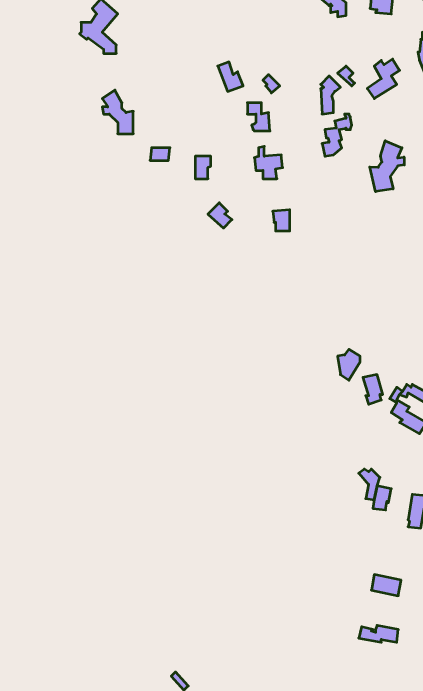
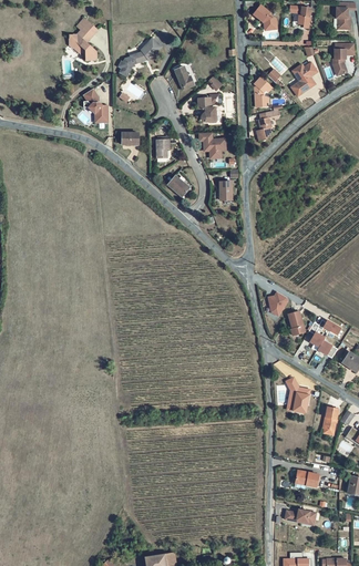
building: none -> [117,38,160,75]
building: [370,141,404,192] -> none

